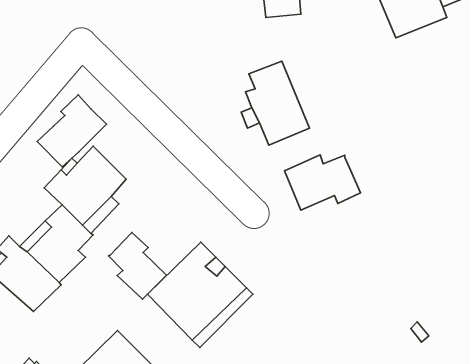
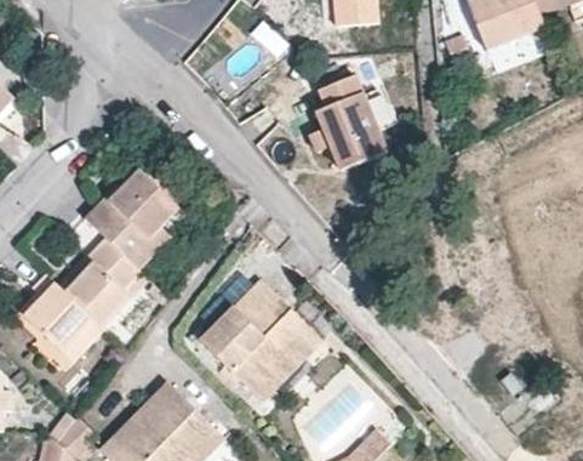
building: [37,95,106,167] -> none
building: [285,155,360,210] -> none
building: [109,233,167,299] -> none

